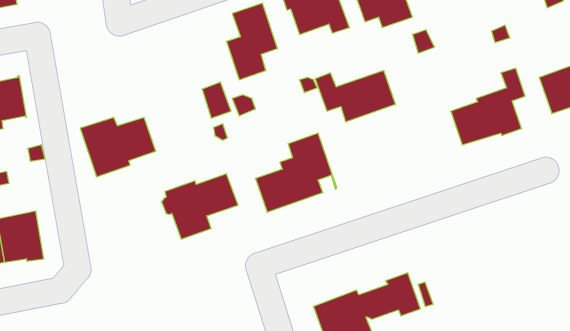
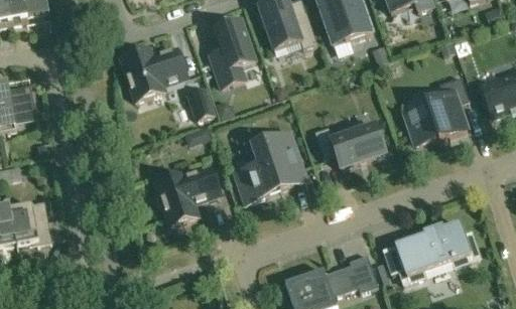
building: [315,71,396,122] -> [314,122,384,166]
building: [80,118,156,177] -> [121,47,186,99]
building: none -> [395,220,480,281]

